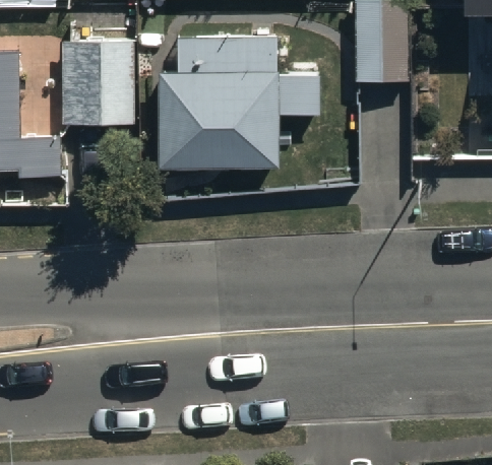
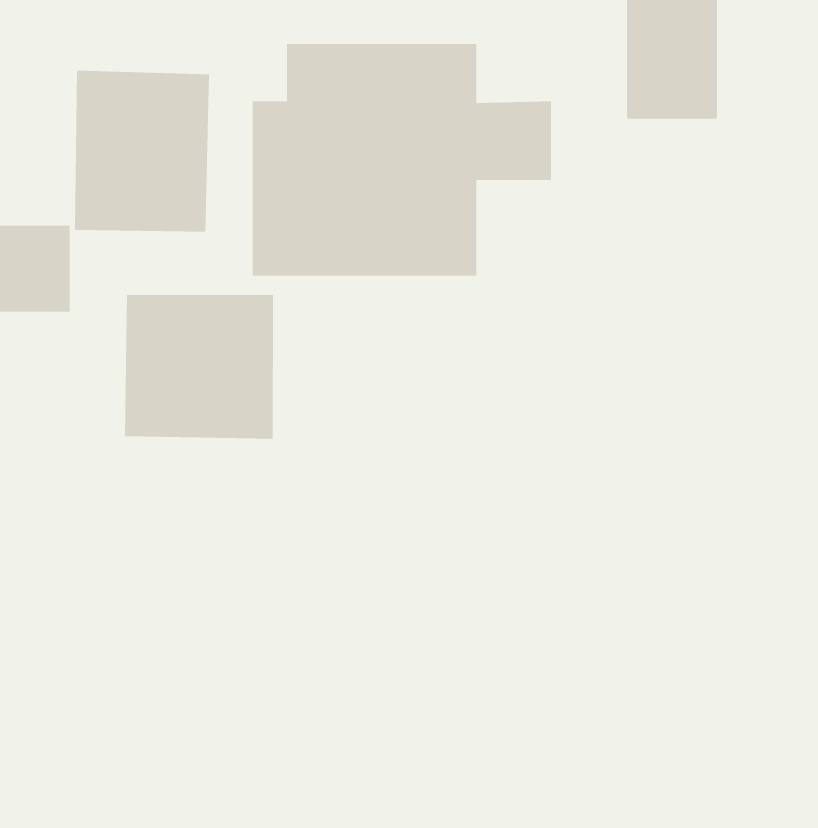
building: none -> [124,294,274,439]

